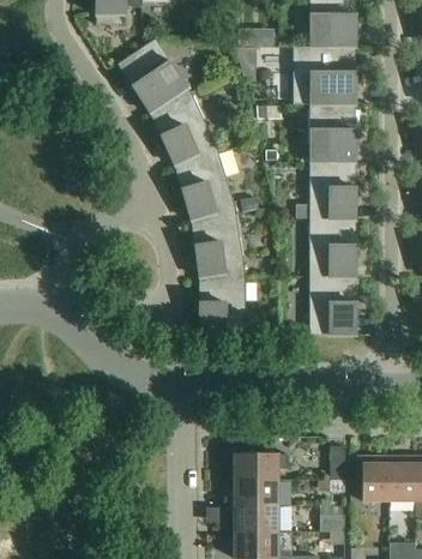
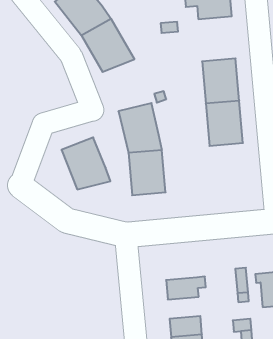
building: [309,104,355,162] -> none
building: [174,151,236,220] -> [61,137,110,189]
building: [309,277,355,335] -> none
building: [235,480,277,506] -> none

